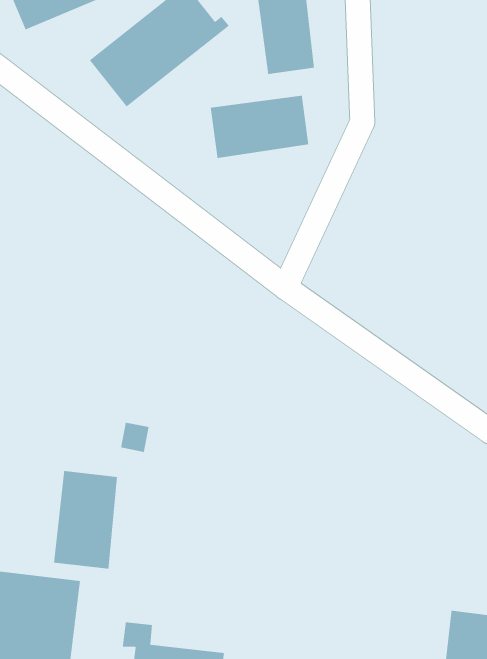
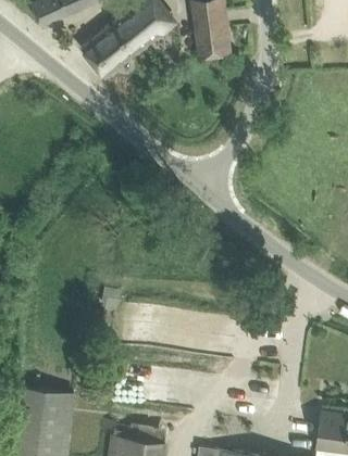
building: [210,95,309,159] -> none
building: [53,470,118,569] -> none

